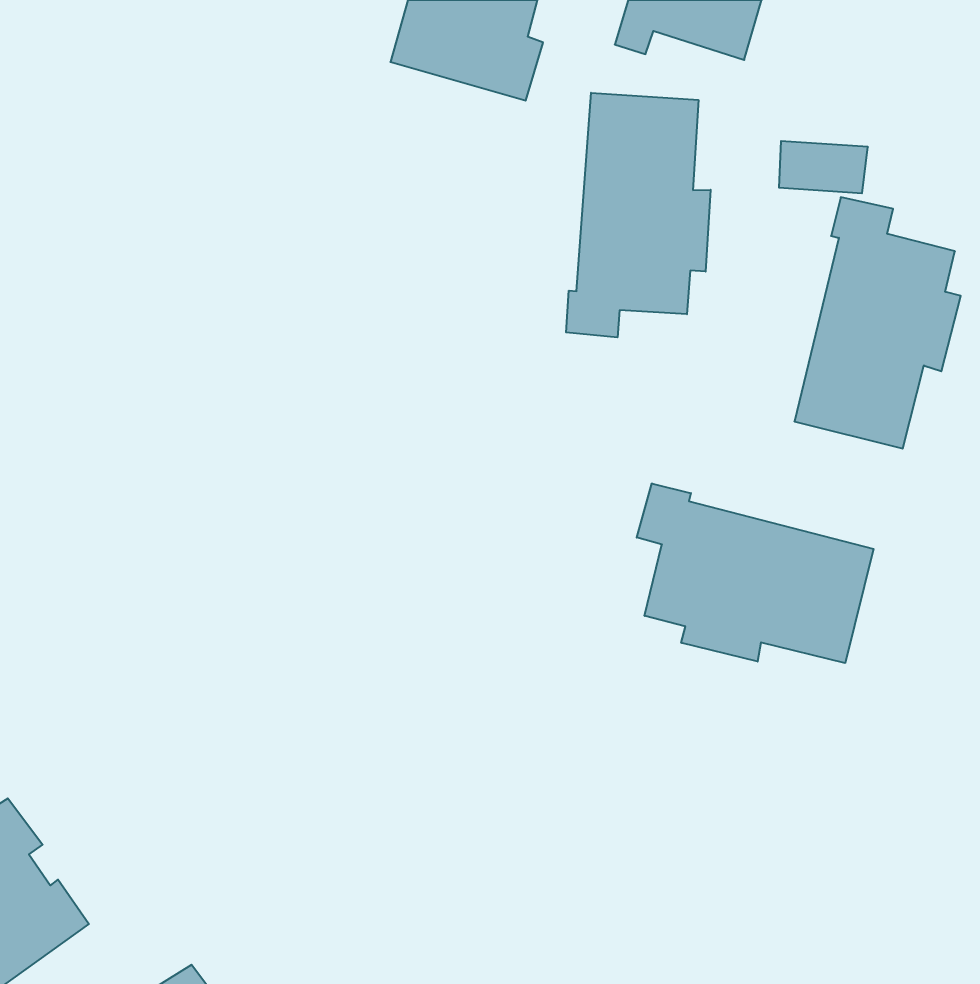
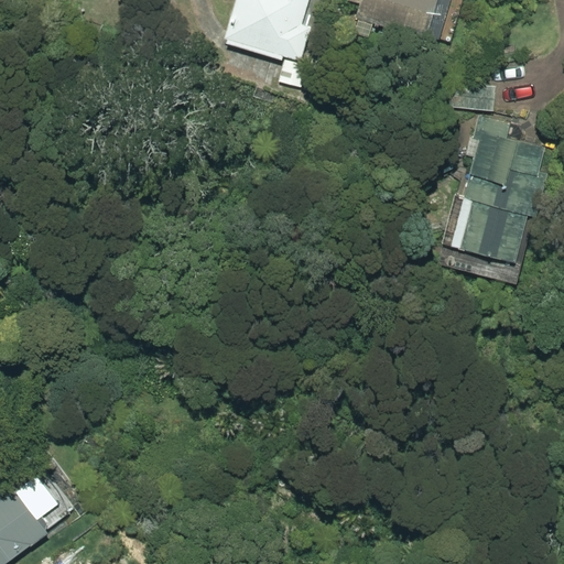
building: [566,93,711,337] -> none
building: [637,483,874,663] -> none

